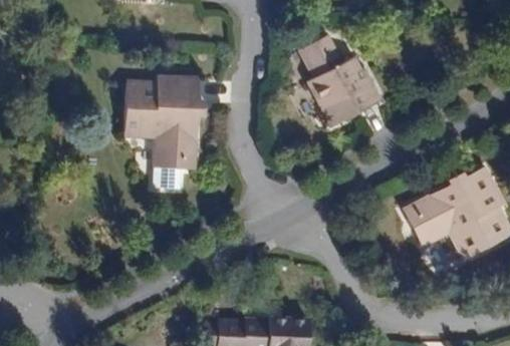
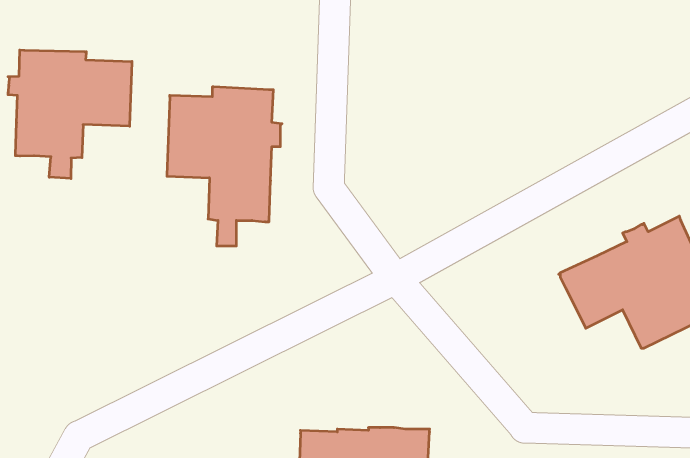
building: [297,33,381,127] -> none
building: none -> [8,50,132,179]

